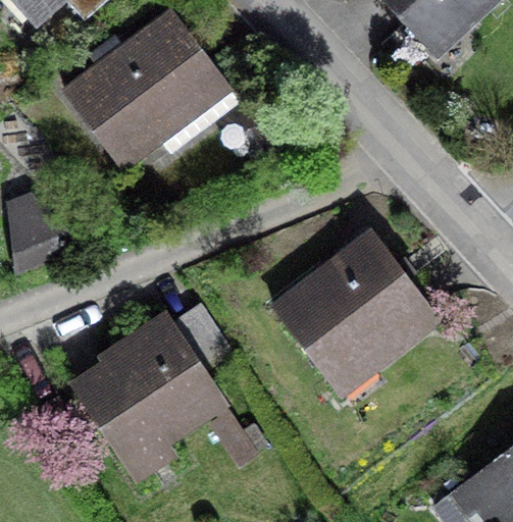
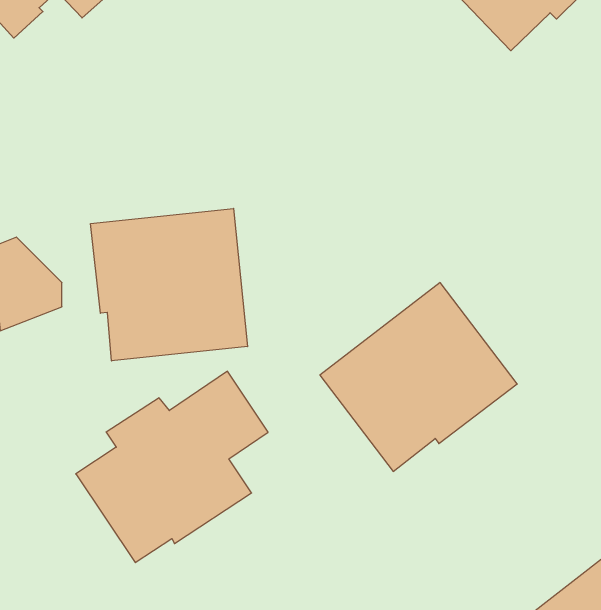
building: [65,13,238,166] -> none
building: none -> [91,208,248,361]

